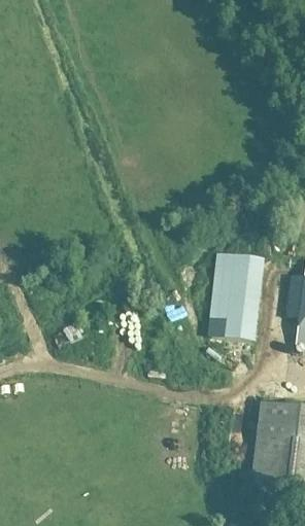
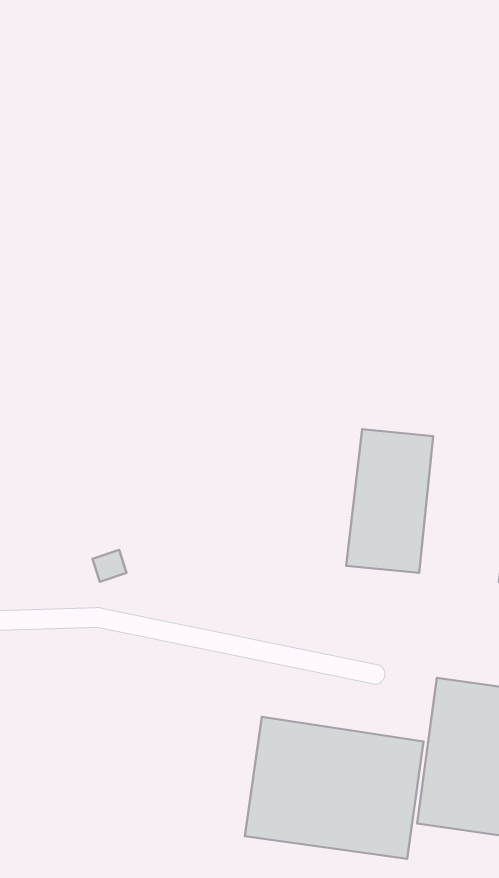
building: none -> [245,717,424,859]

